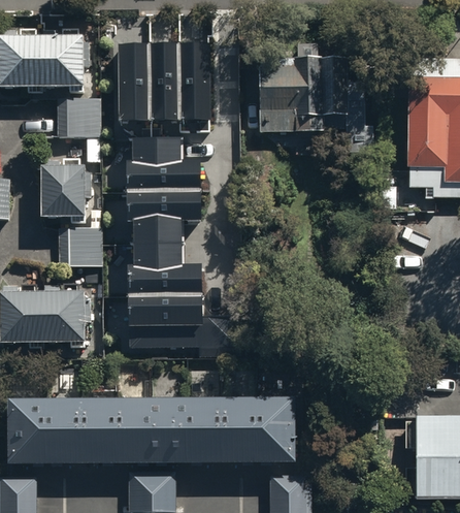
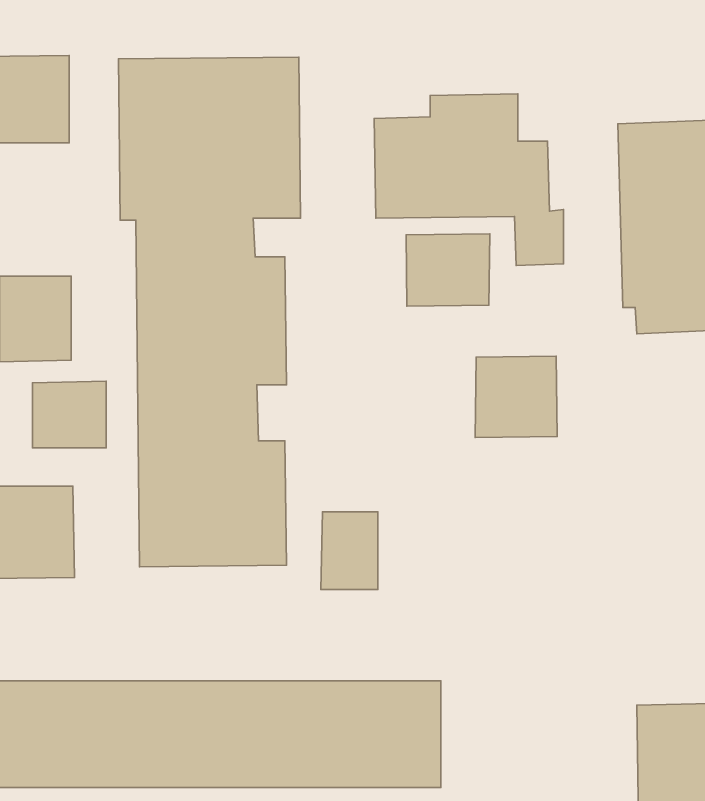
building: [57,97,101,134] -> none
building: none -> [406,234,490,306]
building: none -> [475,356,557,437]
building: none -> [321,512,378,590]

